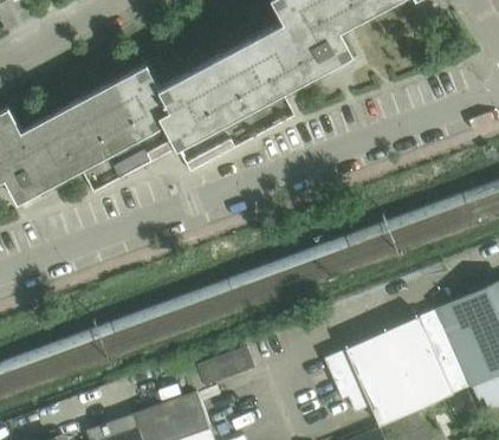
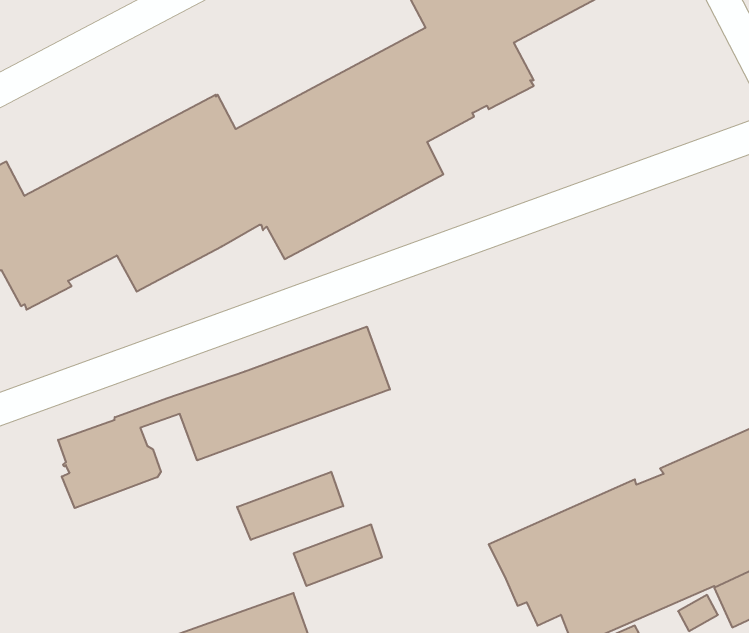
building: none -> [58,327,390,508]
building: none -> [237,472,343,540]

